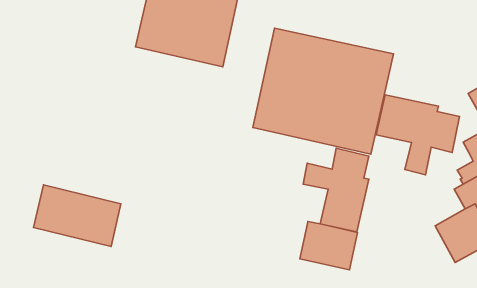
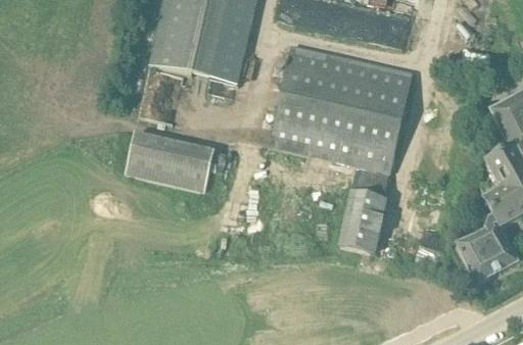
building: [376,95,459,175] -> none
building: [34,185,121,246] -> [129,129,219,192]
building: [300,221,358,270] -> none

